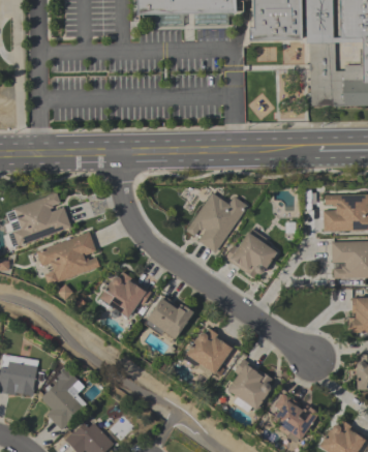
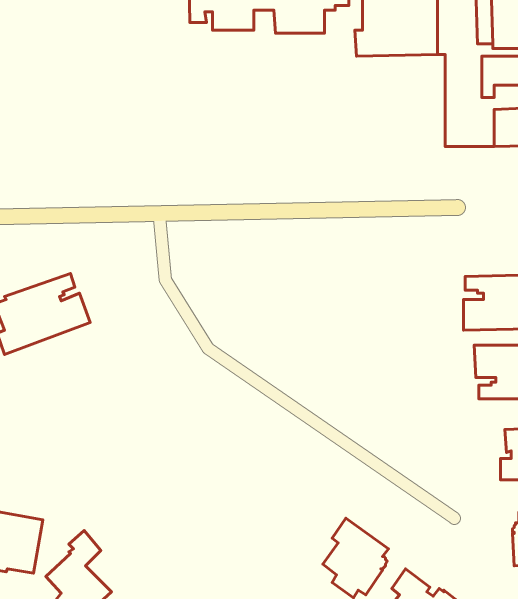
building: [185,192,247,252] -> none
building: [224,228,277,278] -> none
building: [36,232,99,285] -> none
building: [98,271,151,318] -> none
building: [146,295,193,339] -> none
building: [185,328,234,374] -> none

